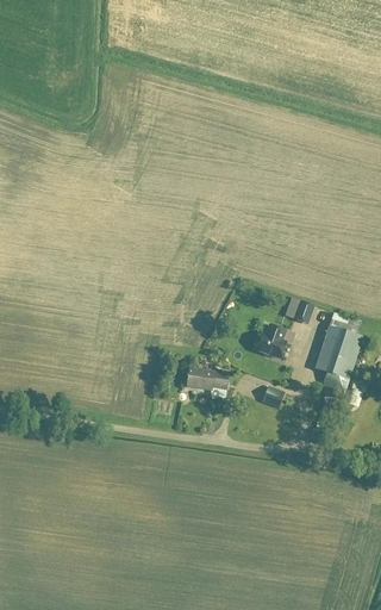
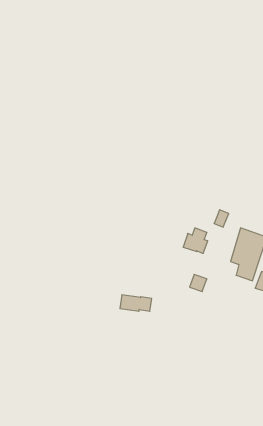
building: [186,366,227,387] -> [120,295,152,311]

